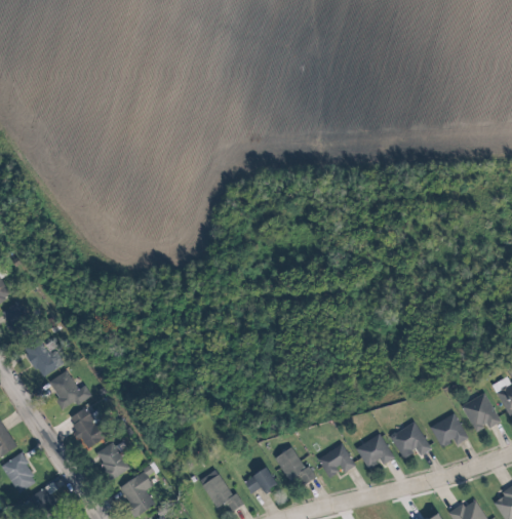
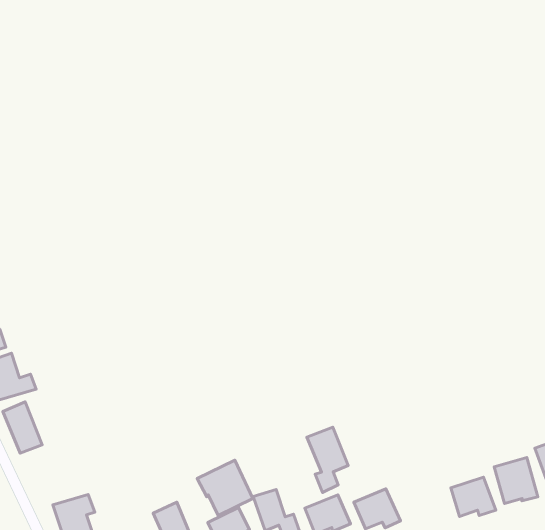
building: none -> [307,427,348,492]
building: [390,421,432,458] -> none
building: none -> [197,460,253,515]
building: [96,442,129,479] -> none

